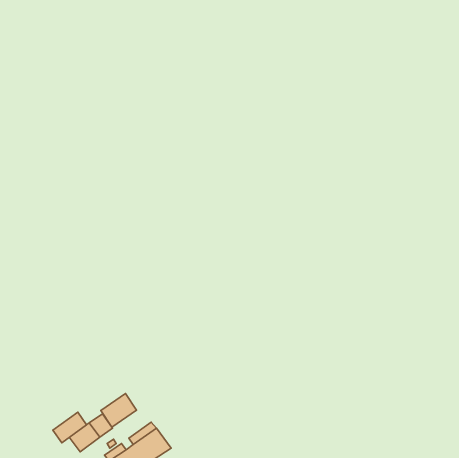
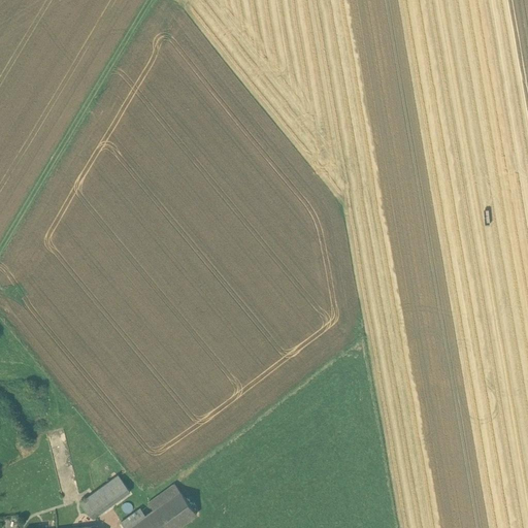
building: [101,394,137,427] -> none
building: [53,412,86,443] -> none

